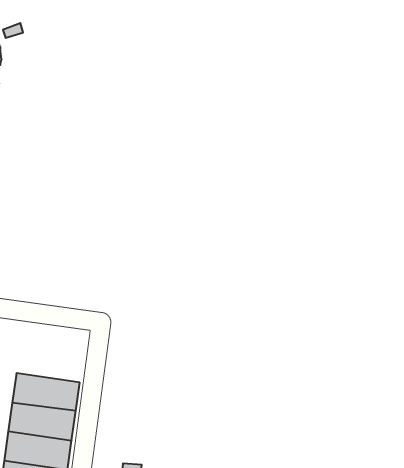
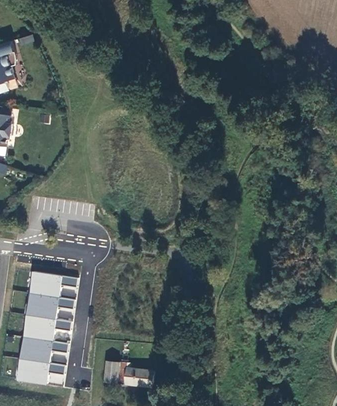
building: none -> [27,272,78,301]

